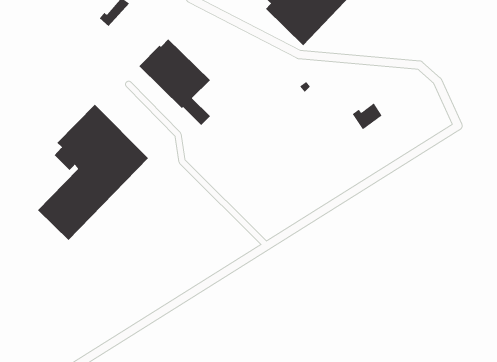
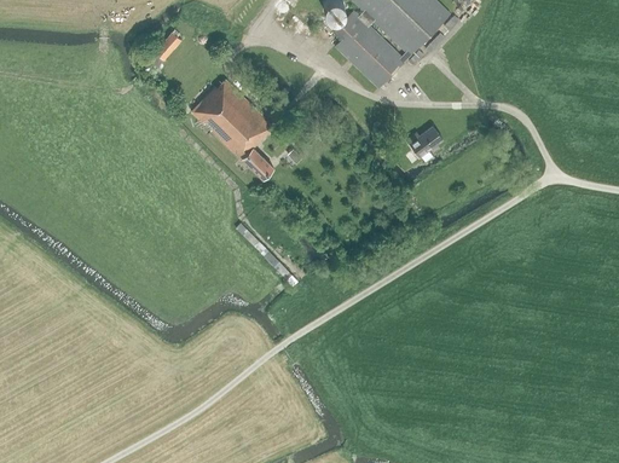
building: [352,103,383,130] -> [407,126,442,157]
building: [37,104,149,241] -> none

